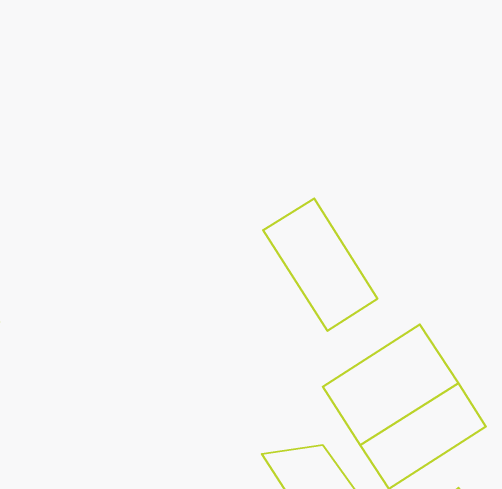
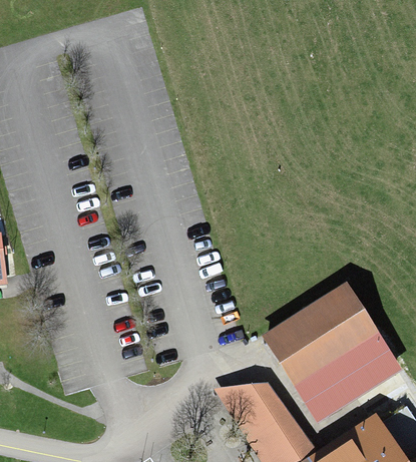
building: [263,198,377,331] -> none

